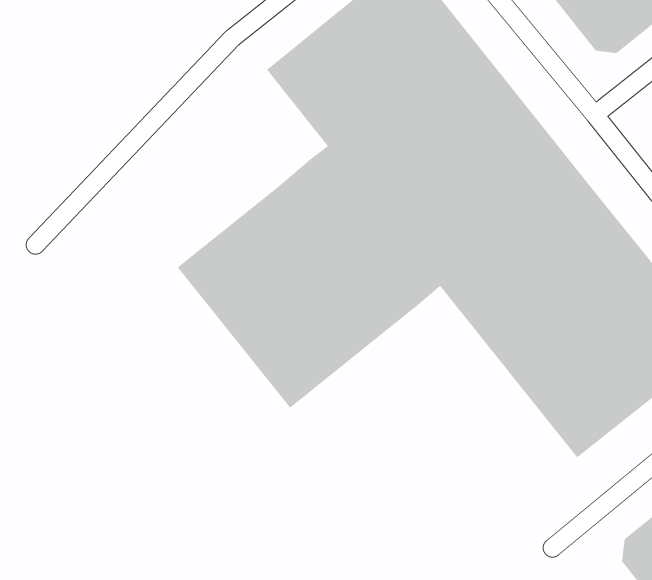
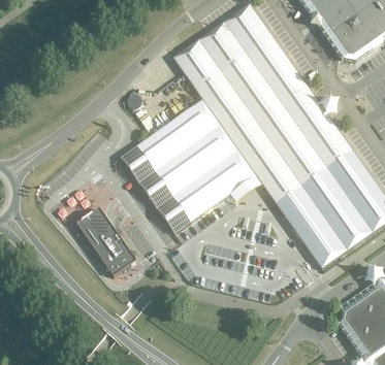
building: none -> [76,206,136,275]

